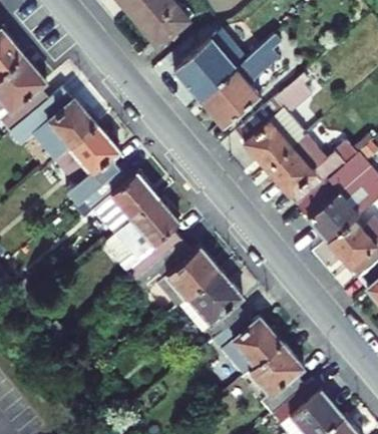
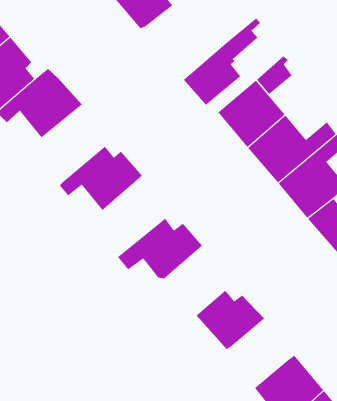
building: [173,29,246,99] -> none
building: [56,124,121,202] -> none
building: [105,196,182,280] -> none
building: [181,268,244,339] -> none
building: [251,342,306,413] -> none

